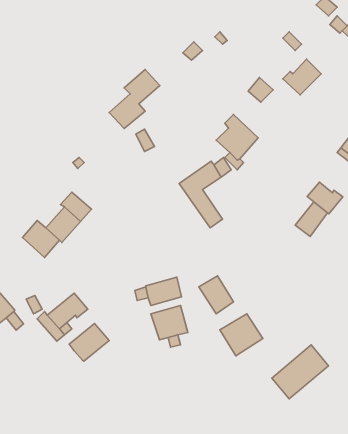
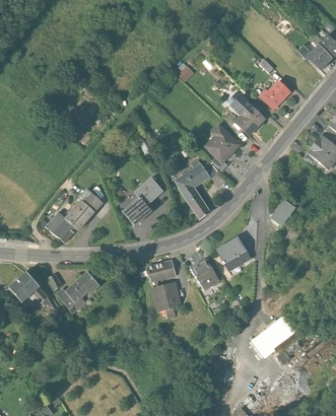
building: [109,69,160,128] -> [121,178,162,226]
building: none -> [233,105,265,136]
building: [307,182,343,214] -> none
building: [220,314,263,356] -> [215,237,251,272]
building: [69,323,109,361] -> none

